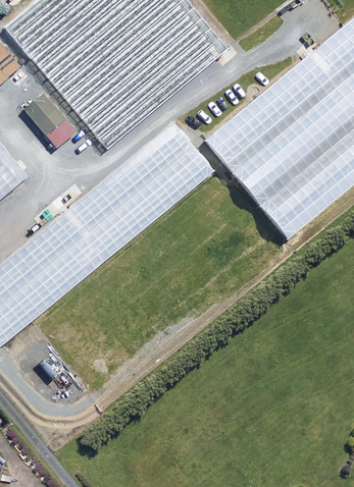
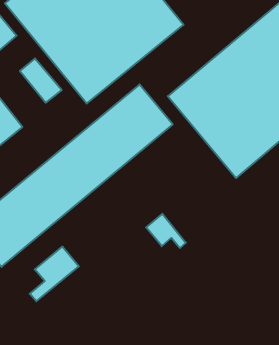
building: none -> [146,214,186,248]
building: none -> [30,247,79,301]

